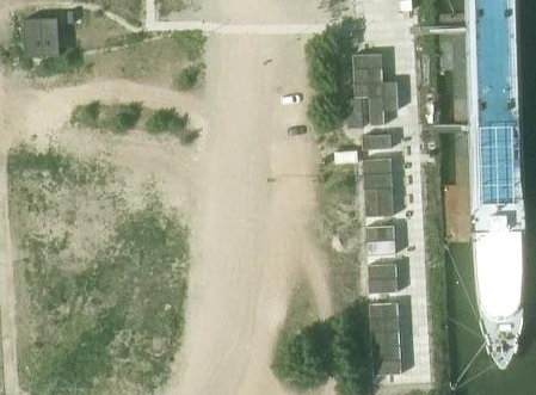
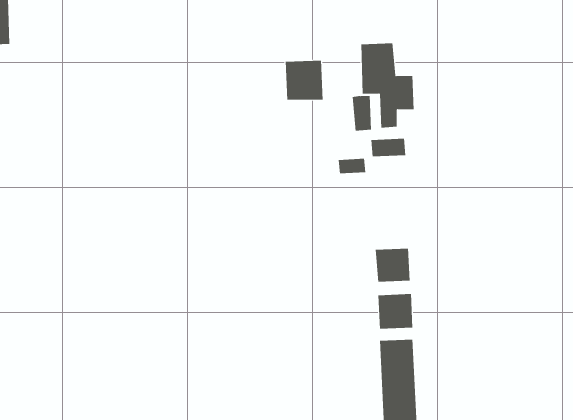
building: none -> [285,60,323,100]
building: [364,158,395,217] -> none

